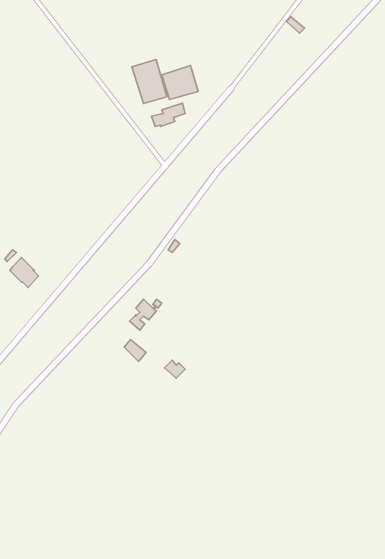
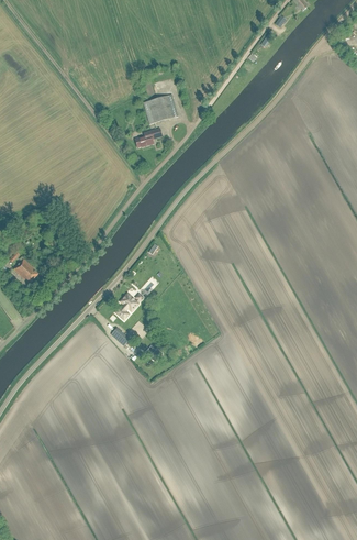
building: [132,60,167,103] -> none

